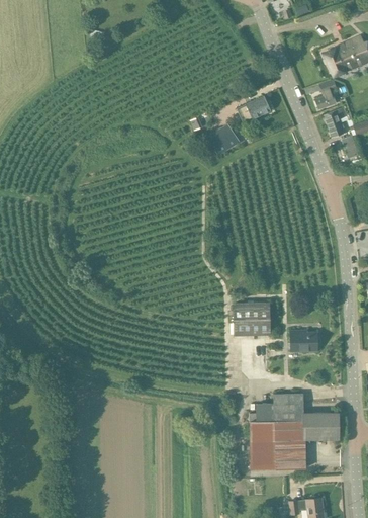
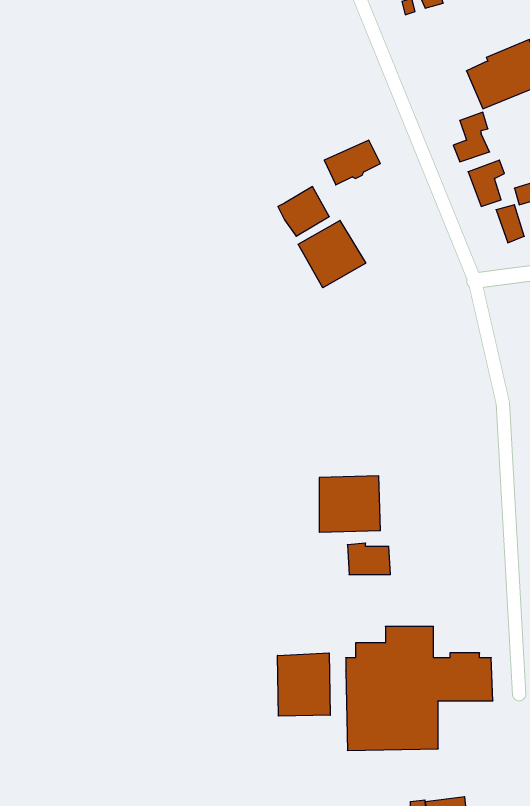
building: none -> [298,220,366,288]
building: [291,331,317,350] -> [347,543,390,575]
building: none -> [278,653,330,716]

